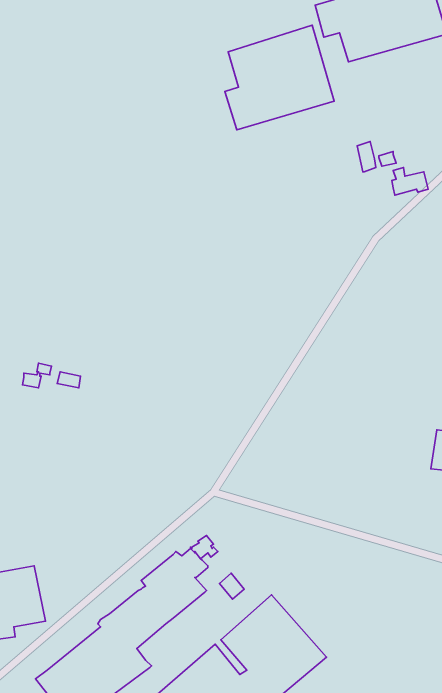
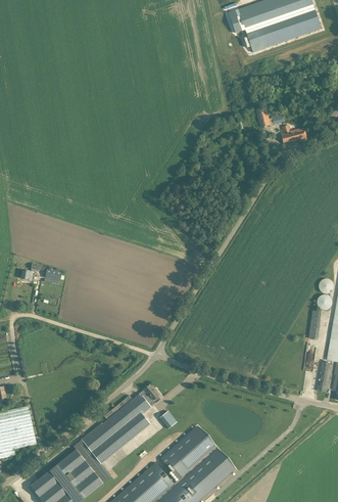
building: [225,25,334,130] -> none

